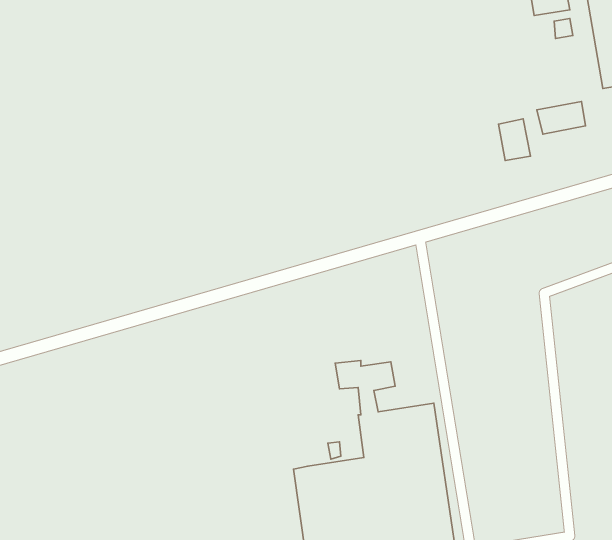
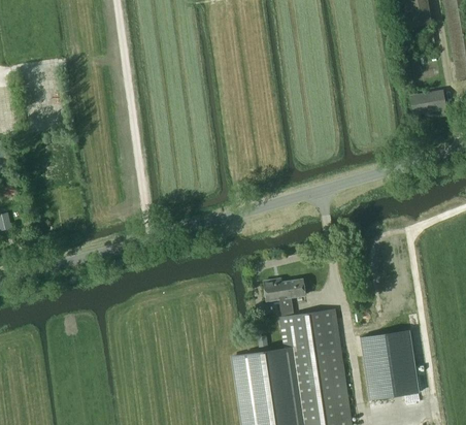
building: [498,119,530,160] -> none
building: none -> [360,331,418,400]

